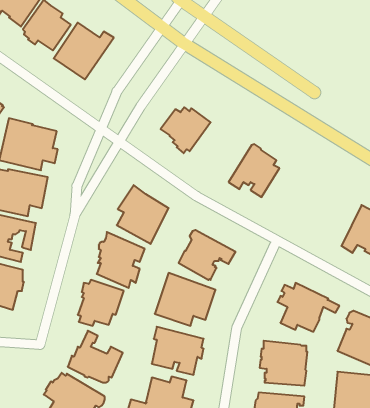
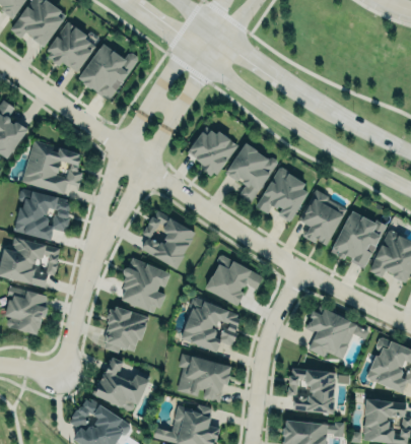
building: none -> [225,142,277,201]
building: none -> [298,190,347,247]
building: none -> [330,209,387,267]

